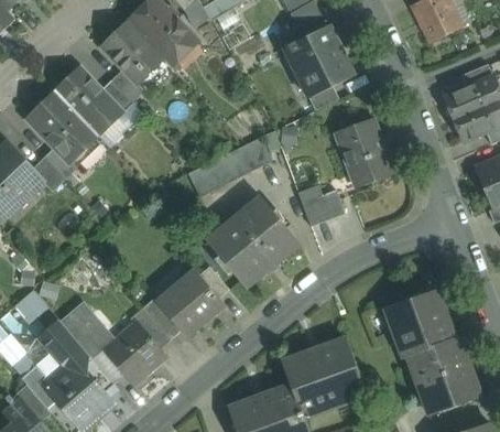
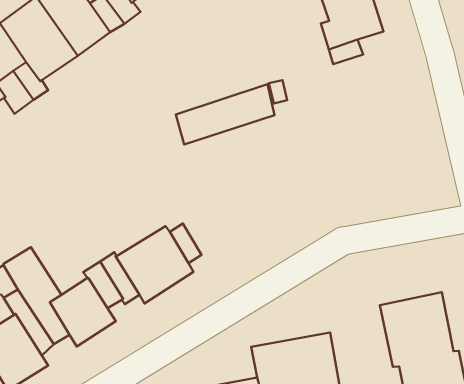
building: [334,118,392,187] -> none
building: [296,185,344,227] -> none
building: [205,195,298,288] -> none

